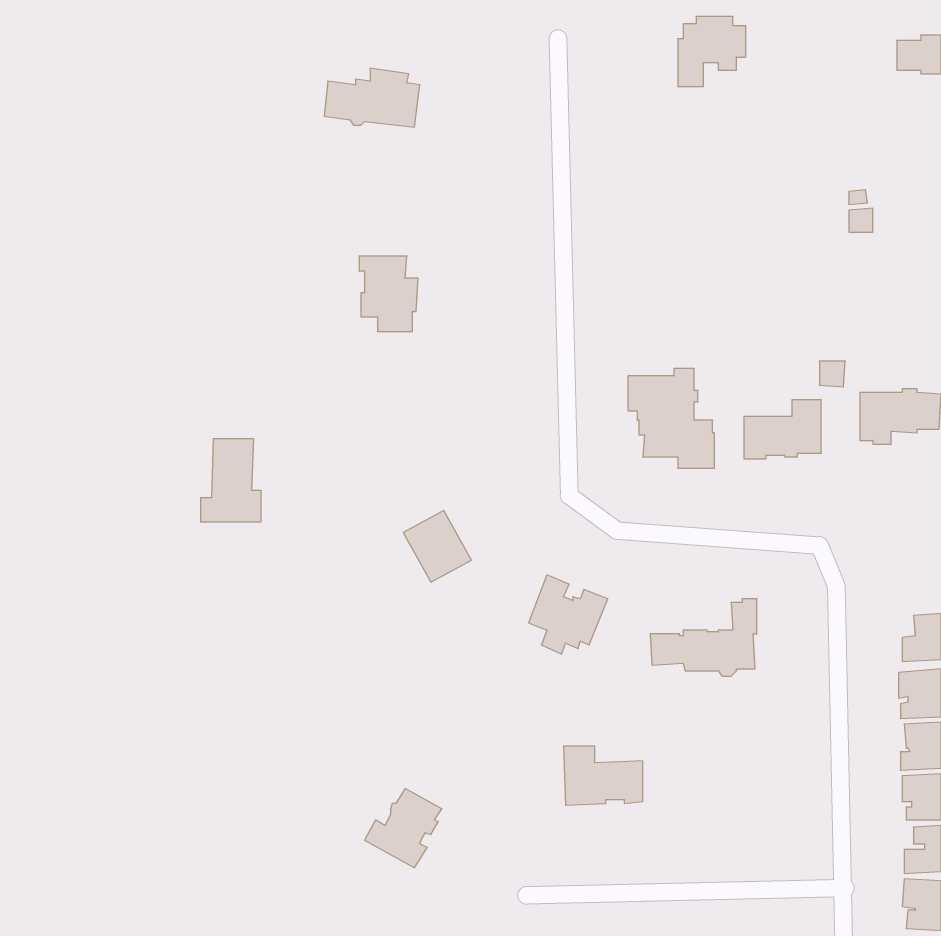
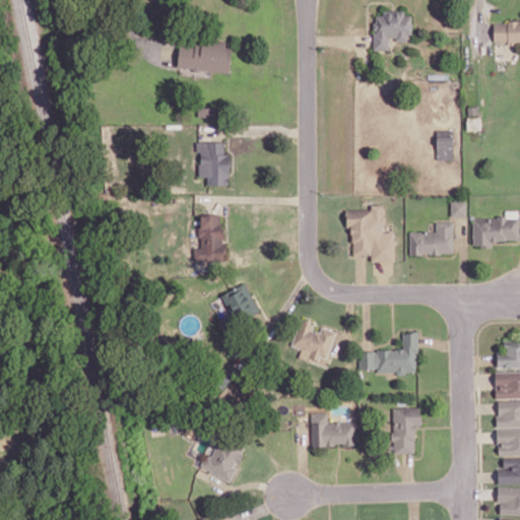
building: none -> [437,132,453,157]
building: [200,439,261,522] -> [193,217,226,263]
building: none -> [392,408,422,454]

